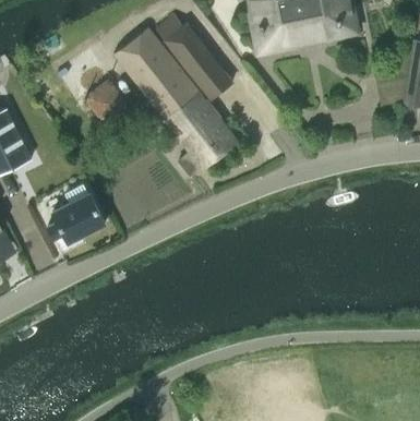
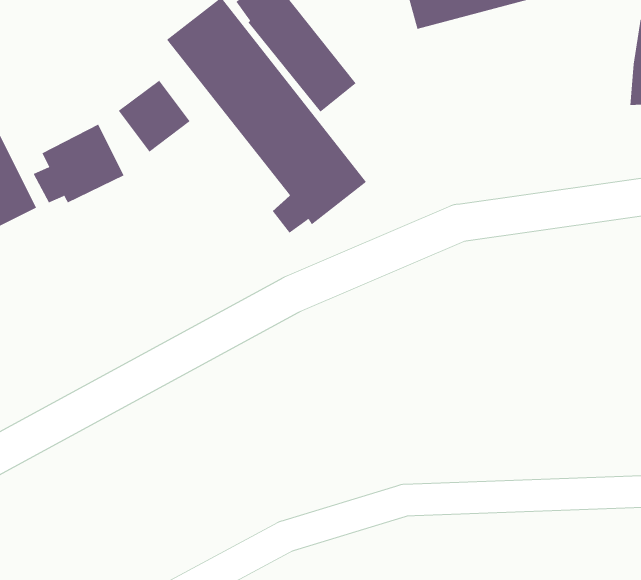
building: [48,193,106,243] -> [33,124,124,203]

